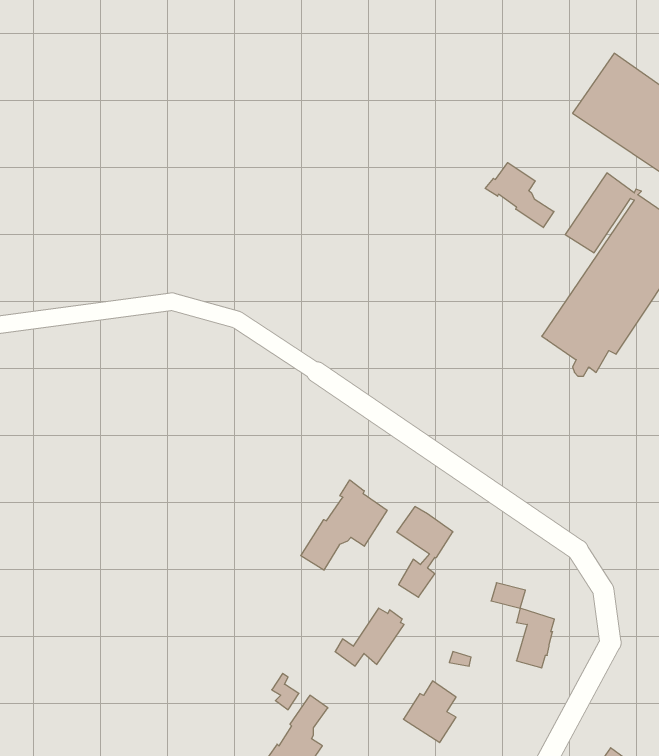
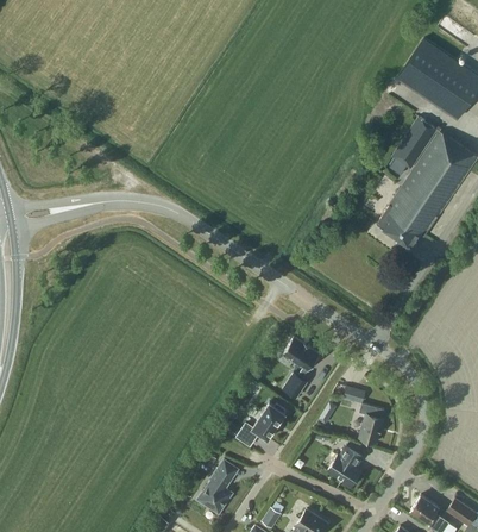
building: [485,163,554,228] -> none
building: [301,480,387,570] -> none
building: [403,681,456,743] -> [327,445,361,486]

